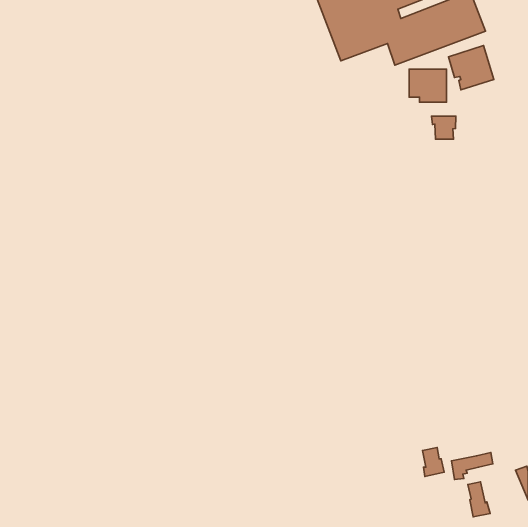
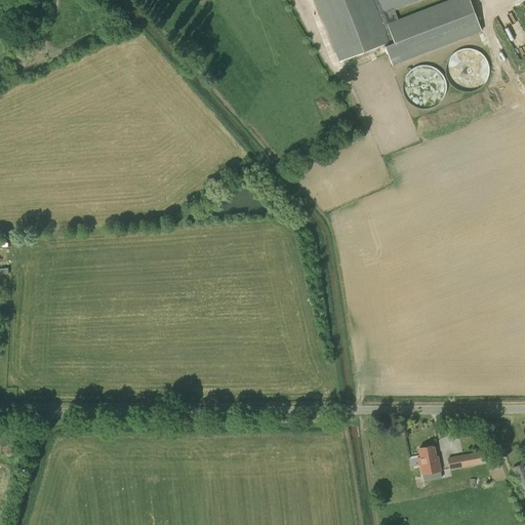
building: [431,116,456,139] -> none
building: [468,482,490,517] -> none

